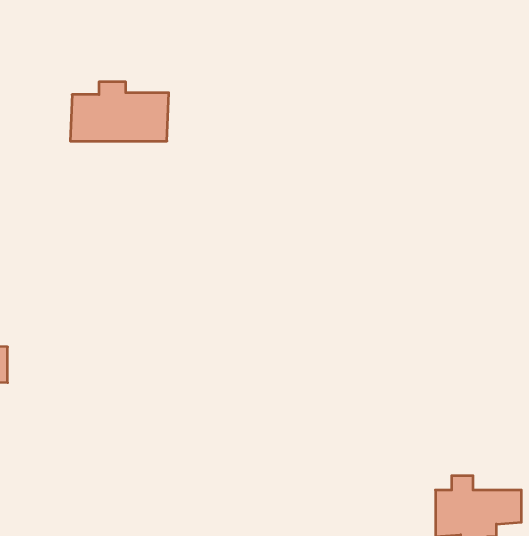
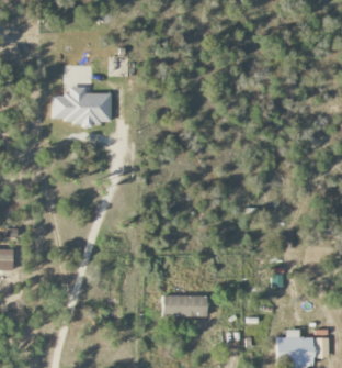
building: none -> [162,294,207,316]

